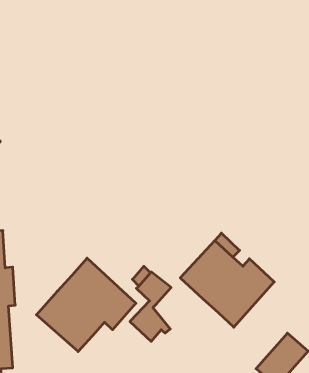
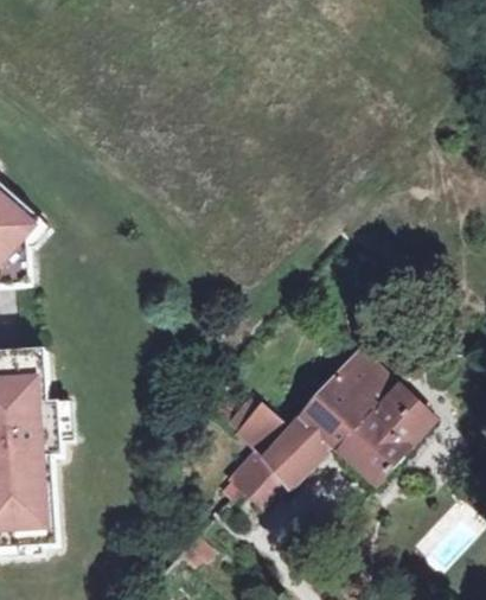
building: [36,258,136,352] -> none
building: none -> [257,415,328,489]

